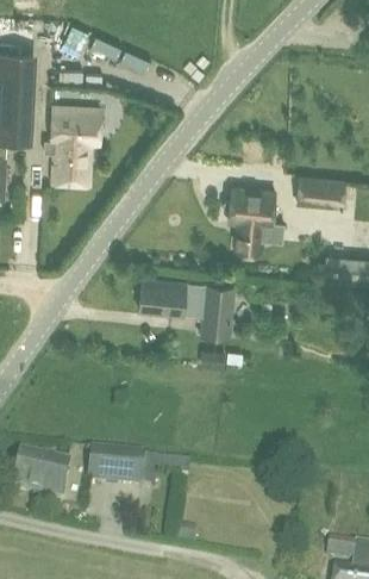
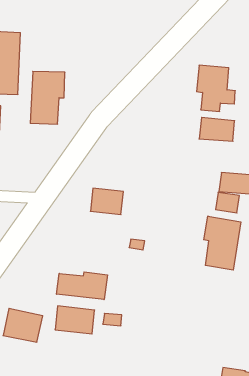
building: [227,186,283,253] -> [197,65,235,111]
building: [199,282,234,337] -> none
building: none -> [204,216,241,270]
building: none -> [57,272,107,300]

